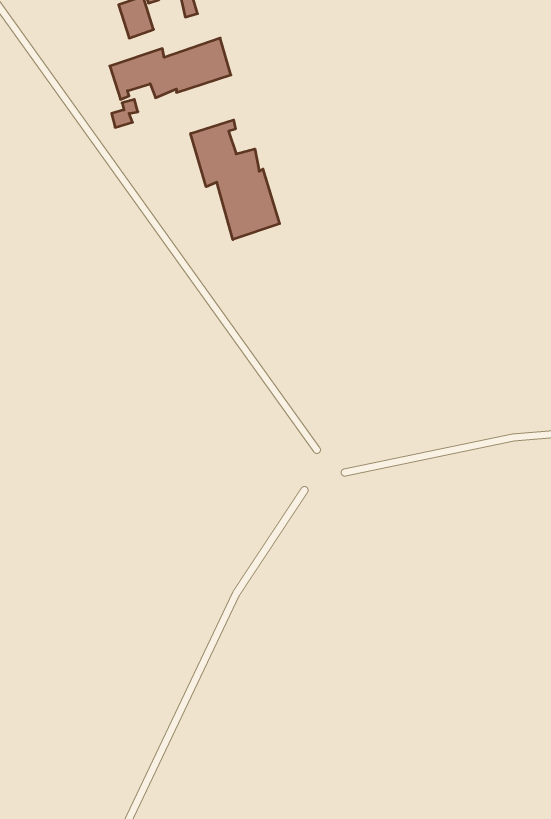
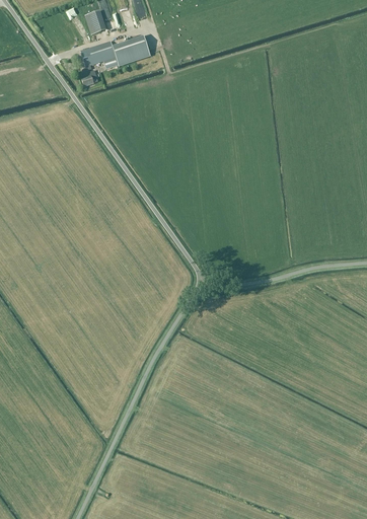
building: [191,120,280,240] -> none

